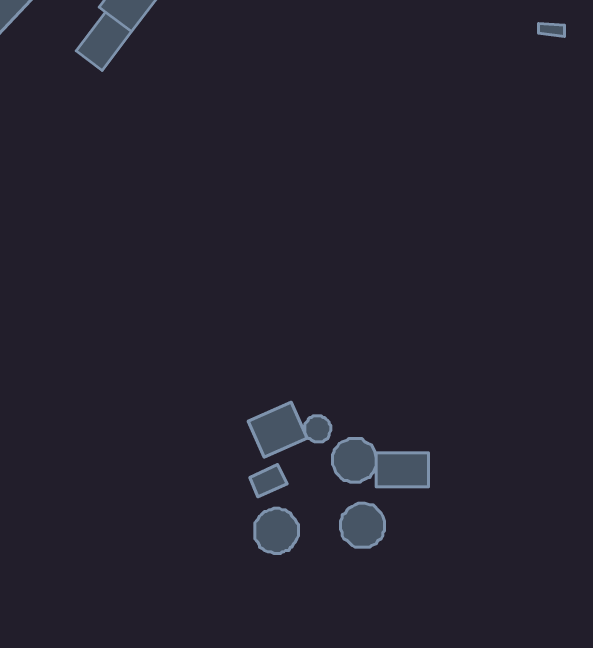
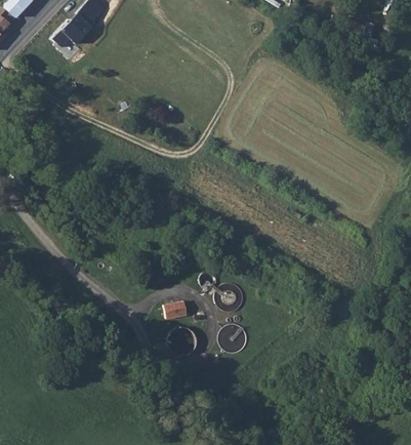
building: [248,402,307,457] -> none
building: [376,453,428,487] -> none

